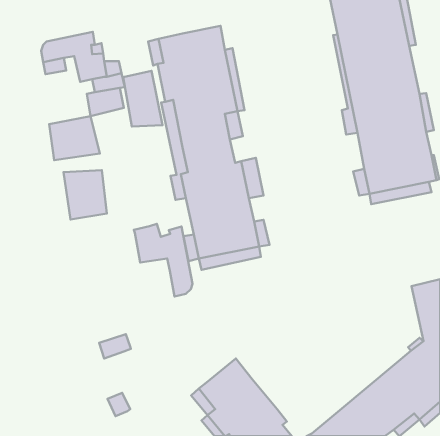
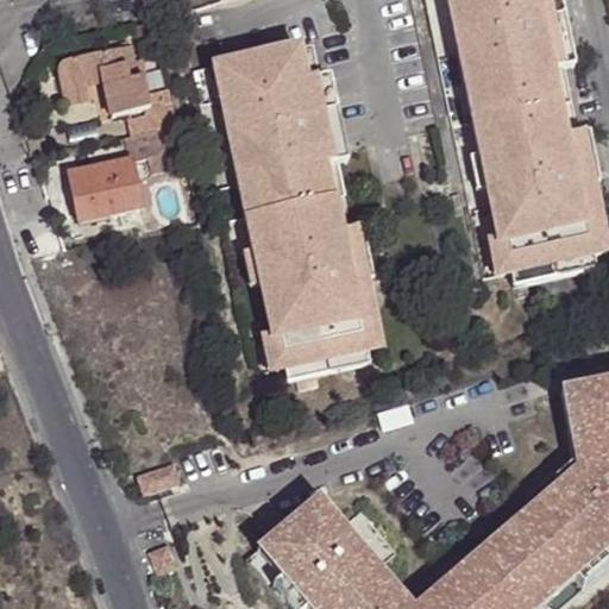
building: [123,71,162,127] -> none
building: [63,170,107,219] -> none
building: [134,224,193,296] -> none

